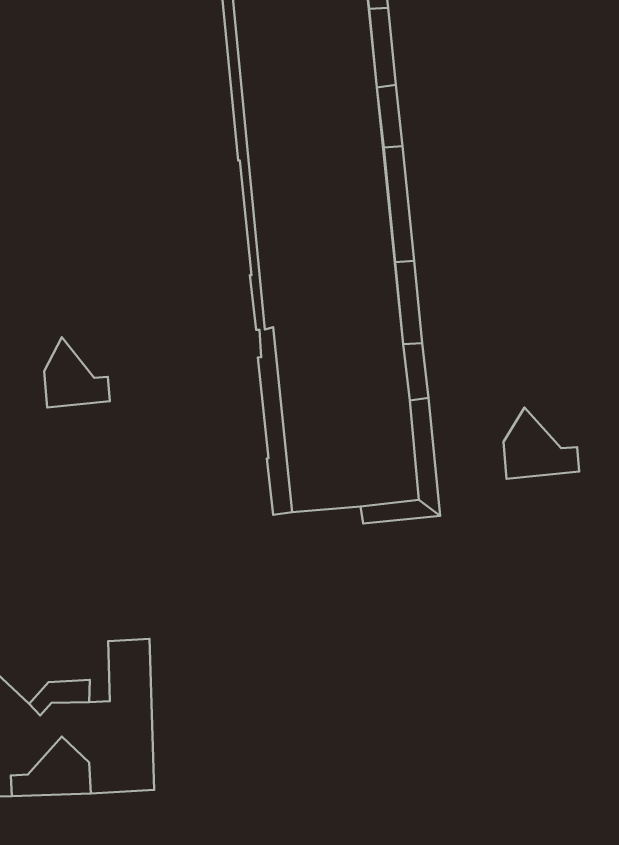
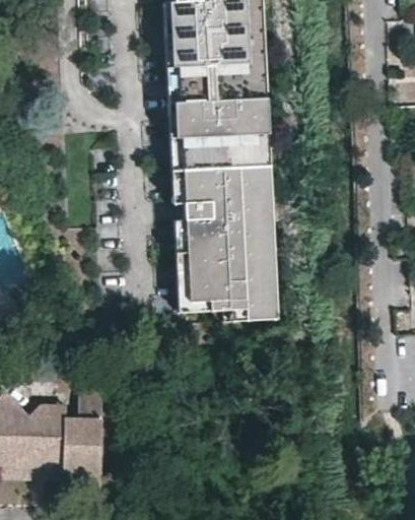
building: [44,337,110,407] -> none
building: [503,408,579,479] -> none

